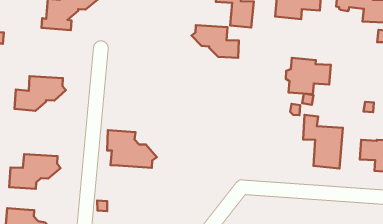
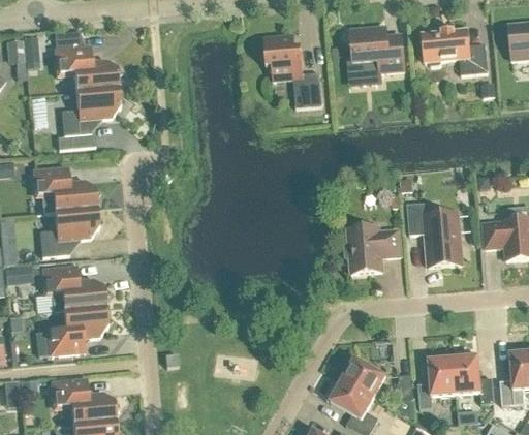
building: [192,25,239,58] -> none
building: none -> [34,166,100,212]
building: [286,58,331,94] -> [344,226,401,273]
building: [107,130,157,168] -> [42,265,110,311]

